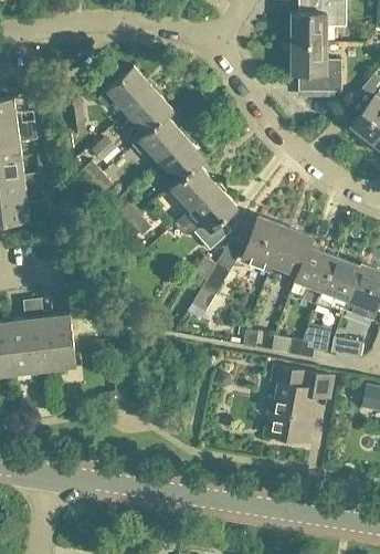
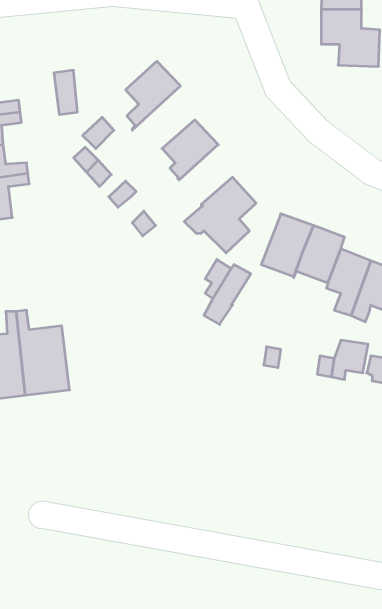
building: [97,66,152,112] -> none
building: [131,108,184,161] -> none
building: [171,158,217,209] -> none
building: [271,366,332,435] -> none

